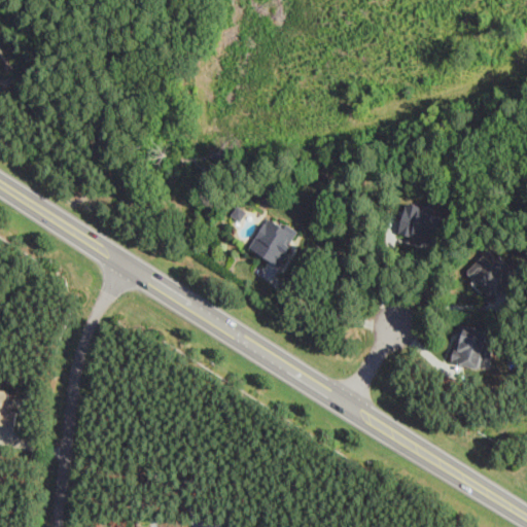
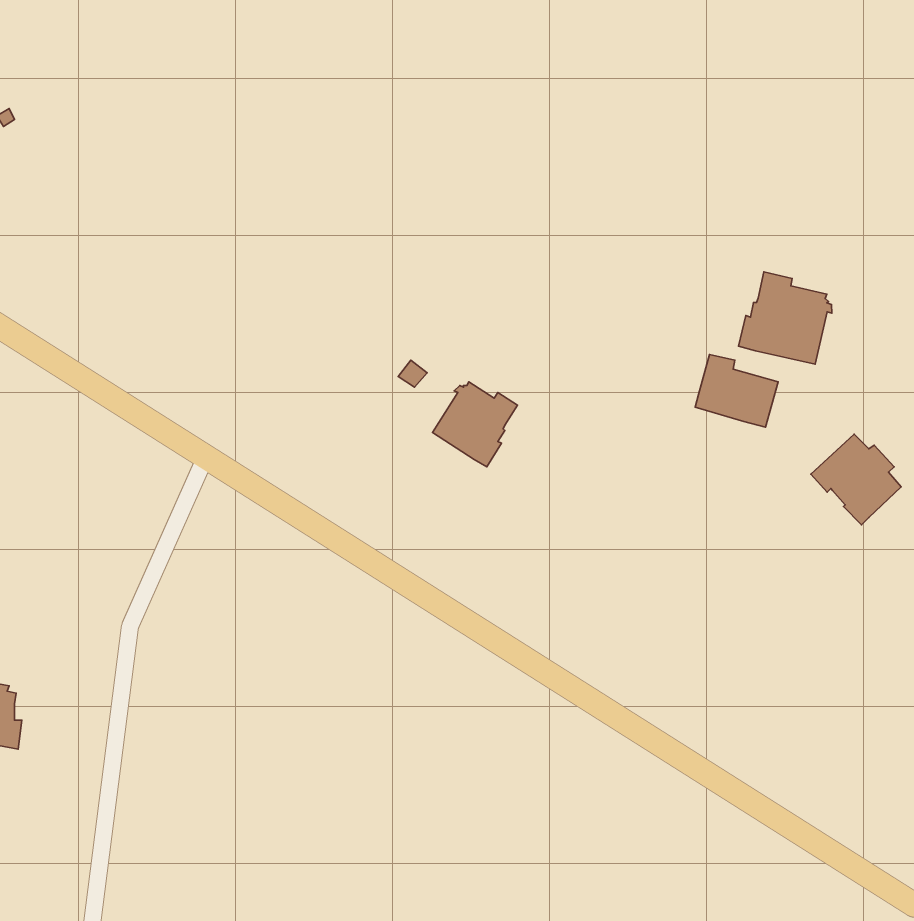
building: none -> [738,272,832,364]
building: [448,327,486,371] -> none

